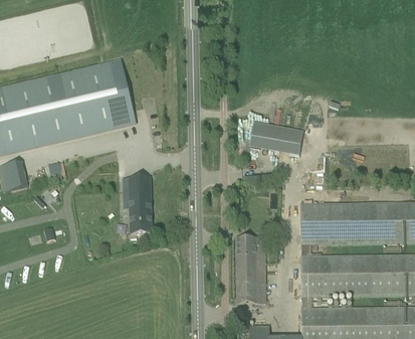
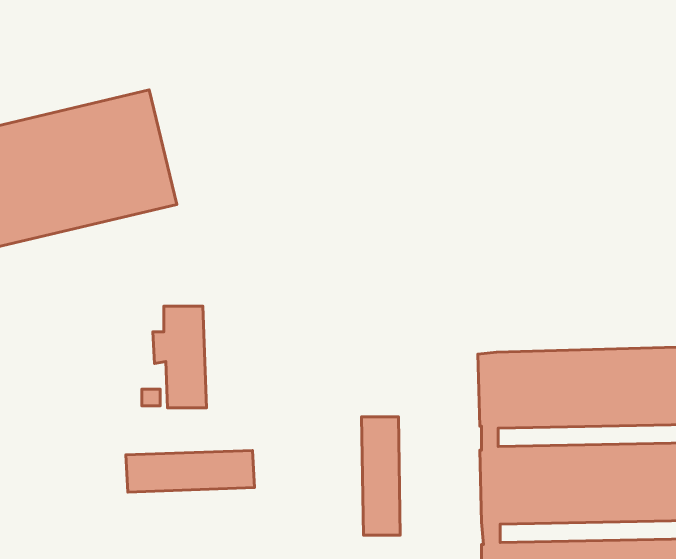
building: [249,122,303,155] -> none
building: none -> [126,450,254,492]

